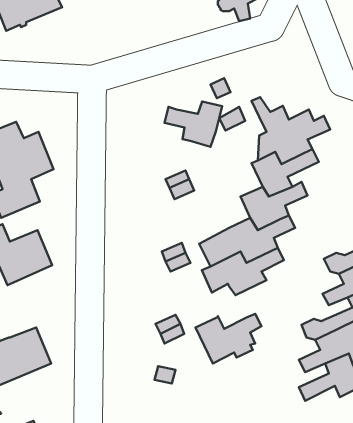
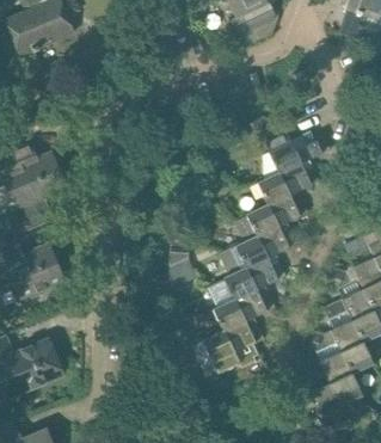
building: [164,102,222,147] -> none
building: none -> [211,295,275,340]

